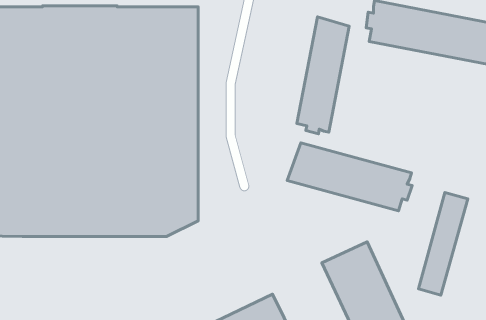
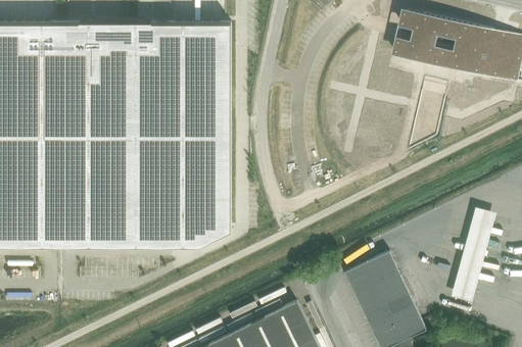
building: [297,17,349,134] -> none
building: [287,143,412,211] -> none

